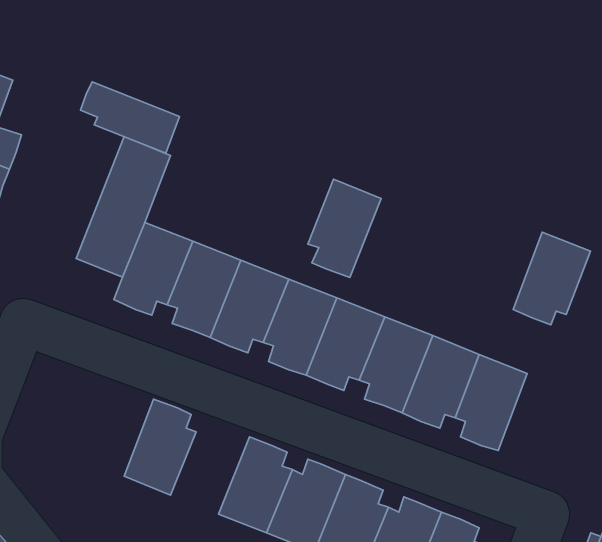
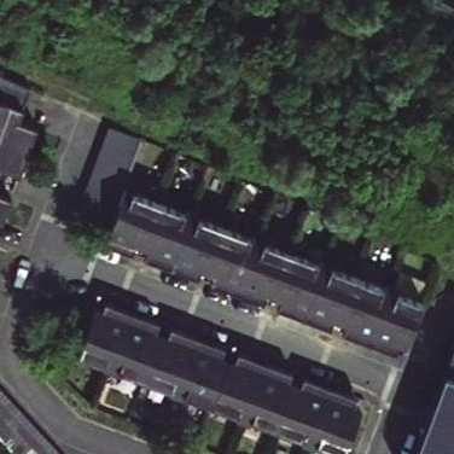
building: [81,82,180,153] -> none
building: [308,179,381,277] -> none
building: [513,232,590,325] -> [371,296,425,361]
building: none -> [74,303,128,368]
building: none -> [140,330,196,395]

